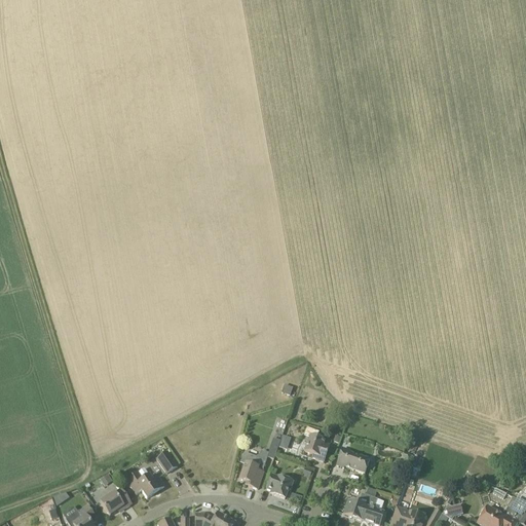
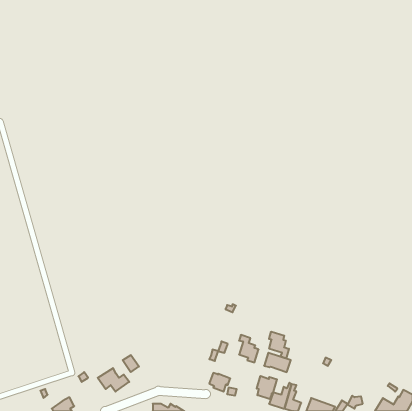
building: none -> [269,332,289,358]
building: [239,452,267,488] -> none
building: none -> [257,376,277,399]
building: [101,487,132,515] -> none

